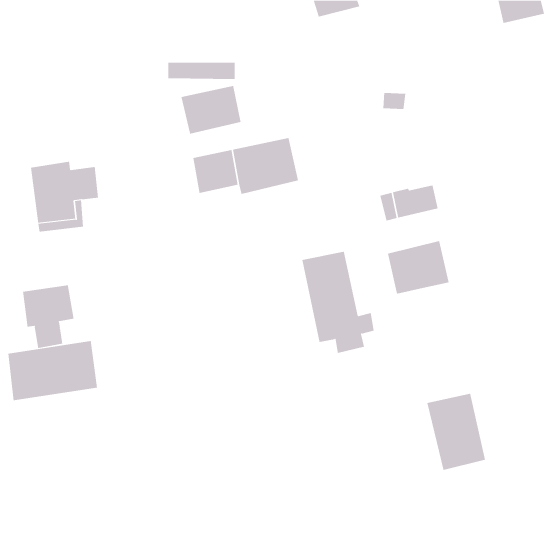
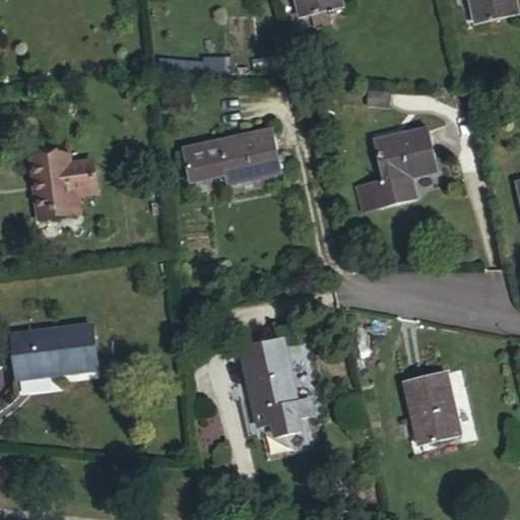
building: [181,85,241,134] -> none
building: [387,240,449,294] -> [378,129,437,180]
building: [302,251,375,353] -> [243,339,312,436]
building: [23,284,74,349] -> none

